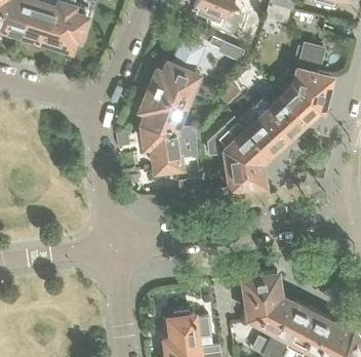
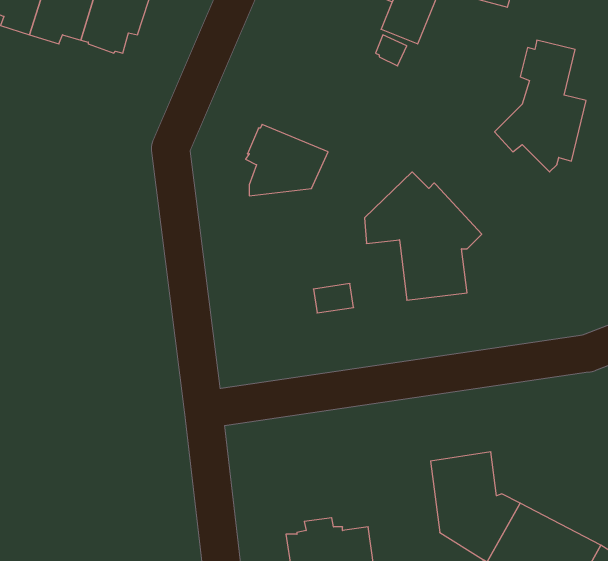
building: [150,37,205,105] -> none
building: [247,93,311,151] -> none
building: [143,125,198,174] -> none

